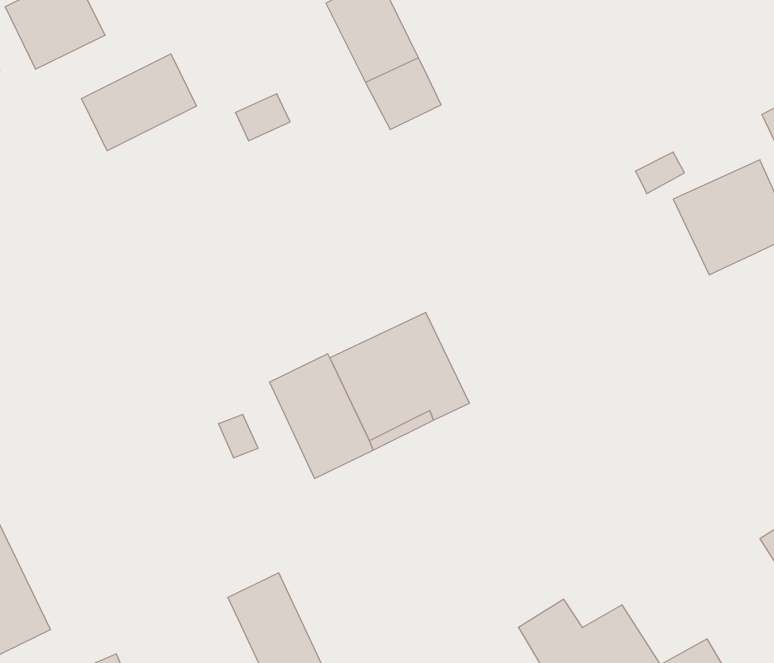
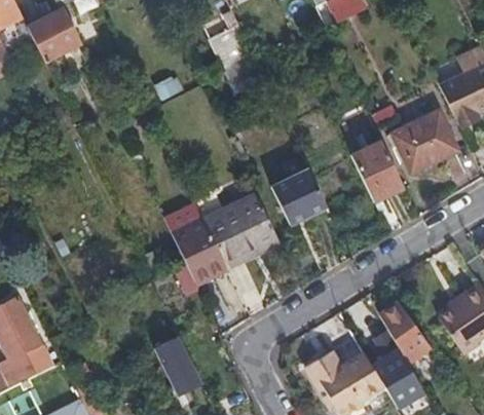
building: [82,54,196,151] -> none
building: none -> [351,141,404,201]
building: none -> [271,168,327,224]
building: none -> [379,300,431,363]

